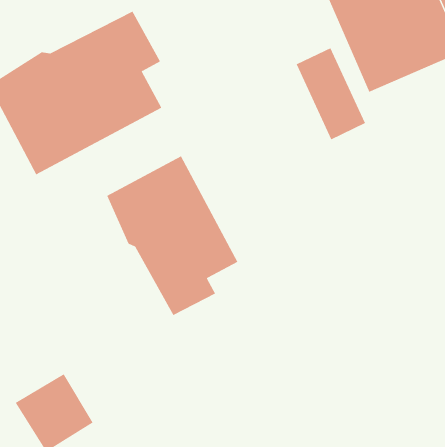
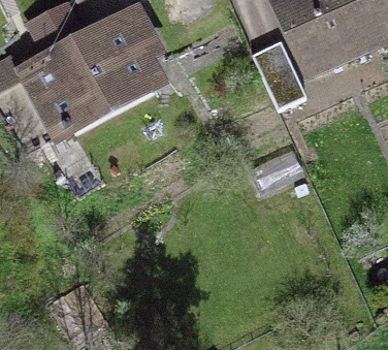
building: [107,155,238,316] -> none

